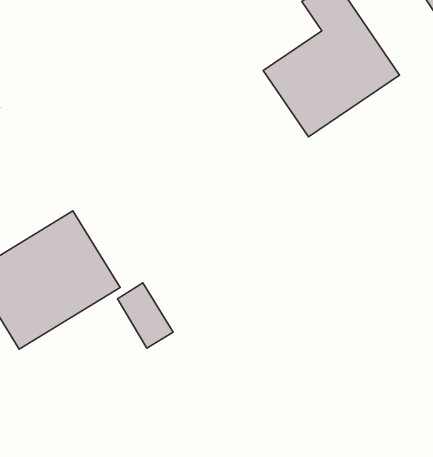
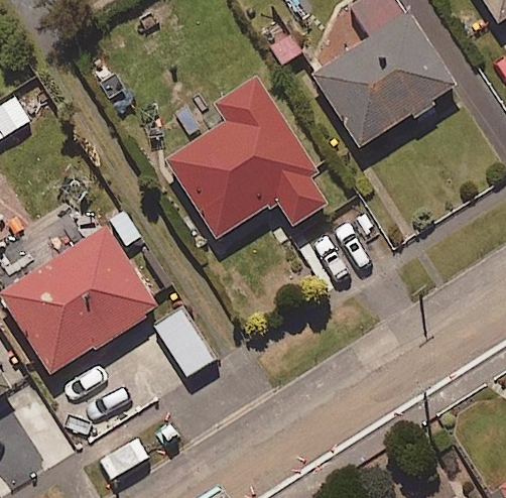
building: none -> [163,77,335,239]

